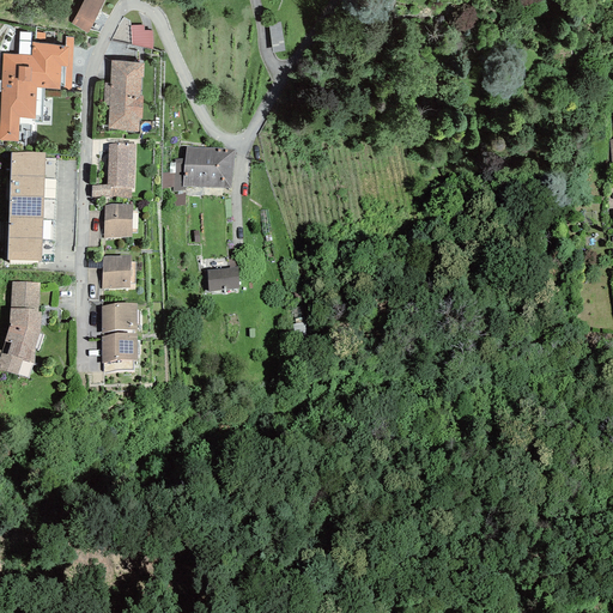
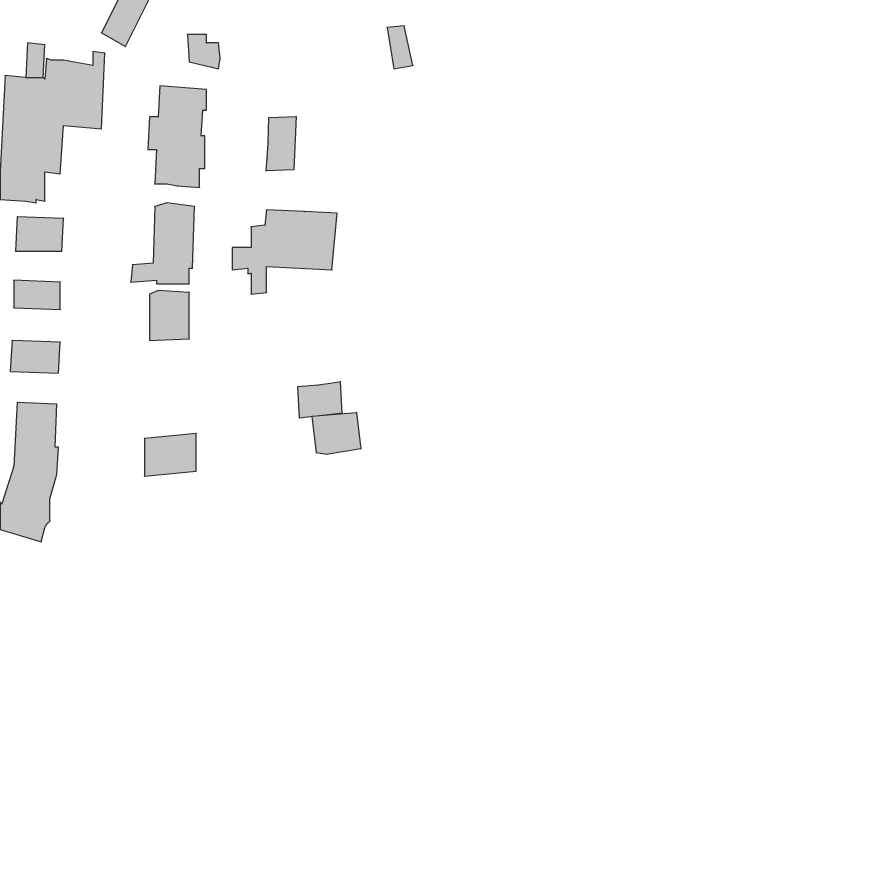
building: none -> [266,116,296,171]
building: [10,175,43,196] -> none
building: [8,214,42,238] -> none
building: [102,254,131,289] -> none
building: none -> [312,412,361,454]
building: [101,333,136,363] -> none

